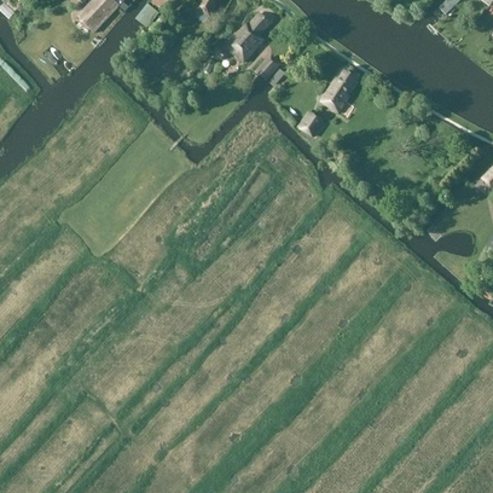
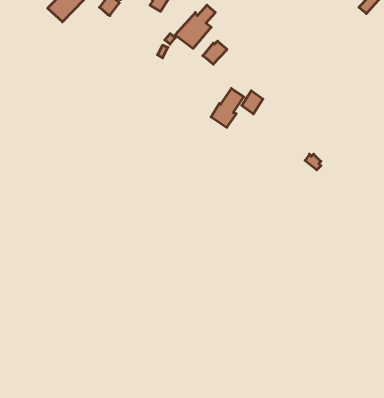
building: [320,66,358,111] -> [211,88,244,127]

